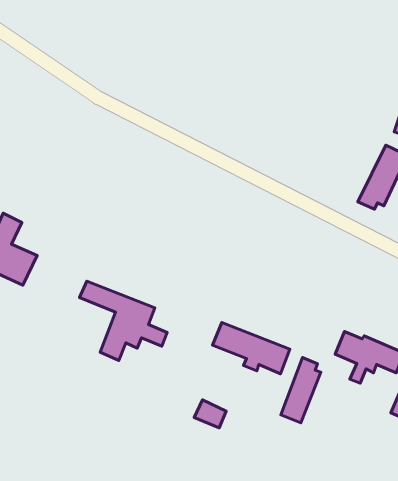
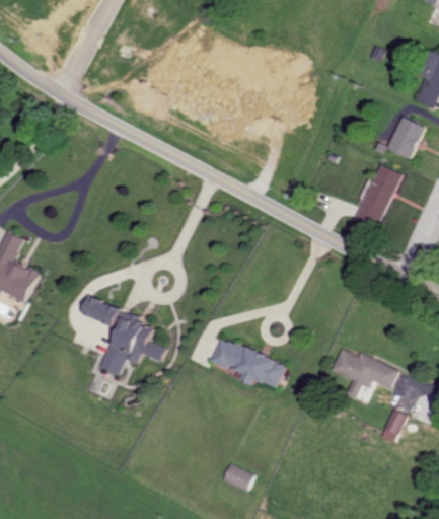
building: [281,357,321,423] -> none
building: [194,400,226,428] -> [221,462,252,490]

